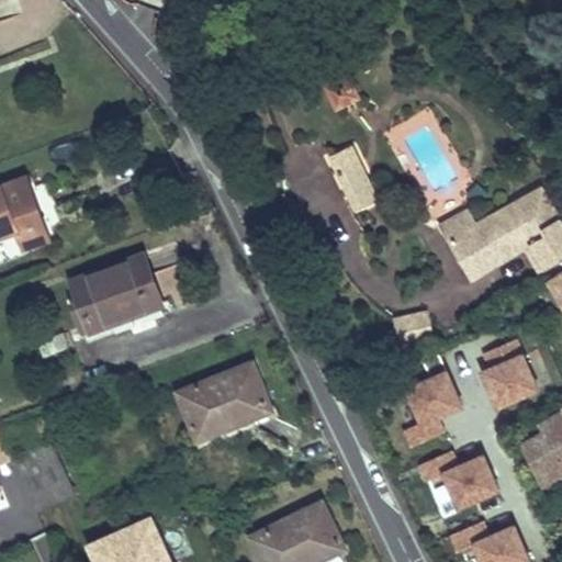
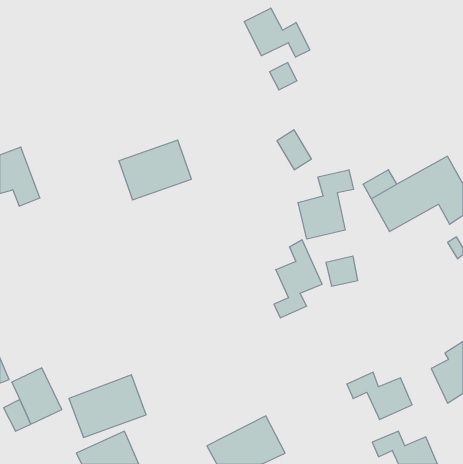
building: none -> [244,8,310,57]
building: none -> [298,170,353,239]
building: [71,257,159,329] -> [119,140,191,200]
building: [482,340,538,408] -> none
building: [404,352,462,447] -> [274,240,322,318]
building: [177,363,270,439] -> [69,375,146,437]

